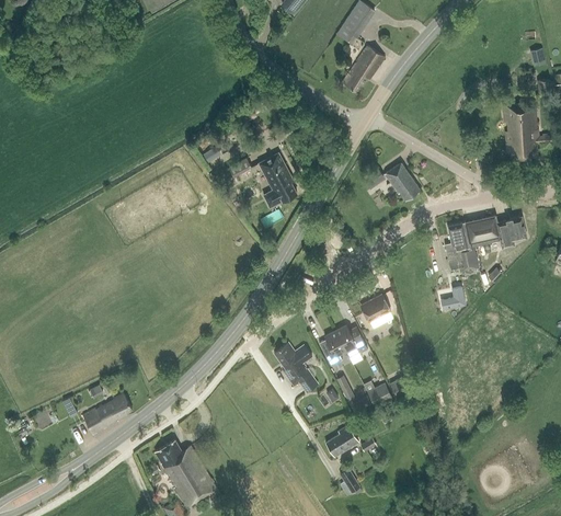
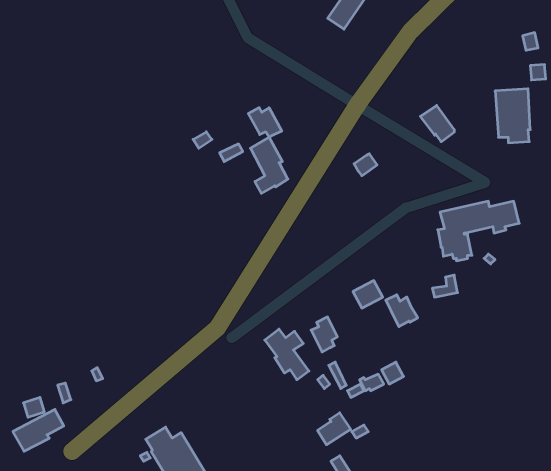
building: [342,45,385,92] -> none
building: none -> [248,108,282,137]
building: [383,162,417,198] -> [420,105,454,142]
building: [335,324,367,356] -> [386,295,418,327]
building: [81,392,131,434] -> [13,409,64,451]

